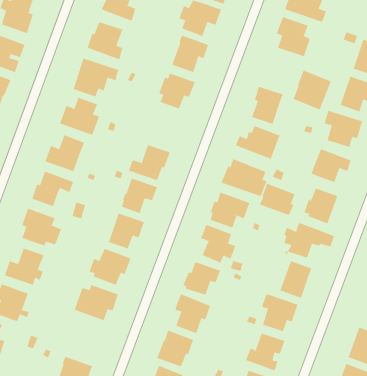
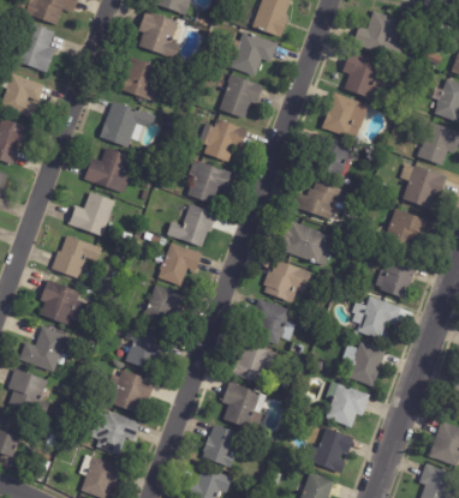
building: [293,70,331,110] -> [318,90,364,138]
building: none -> [187,161,233,204]
building: [259,183,295,216] -> none
building: none -> [90,412,142,455]

